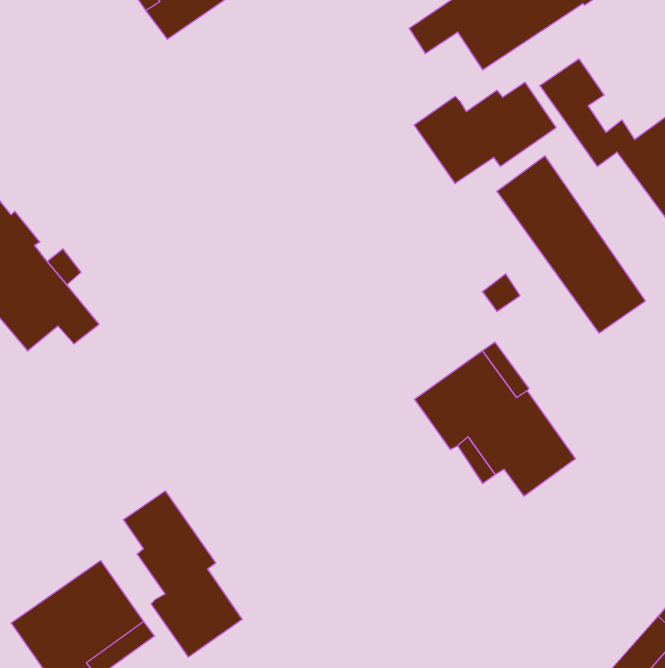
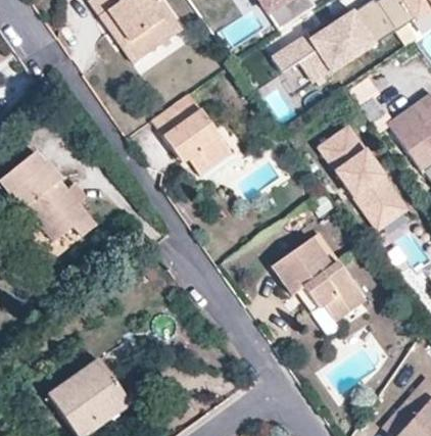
building: [414,82,556,184] -> none
building: none -> [153,96,234,177]
building: [123,491,242,657] -> none

